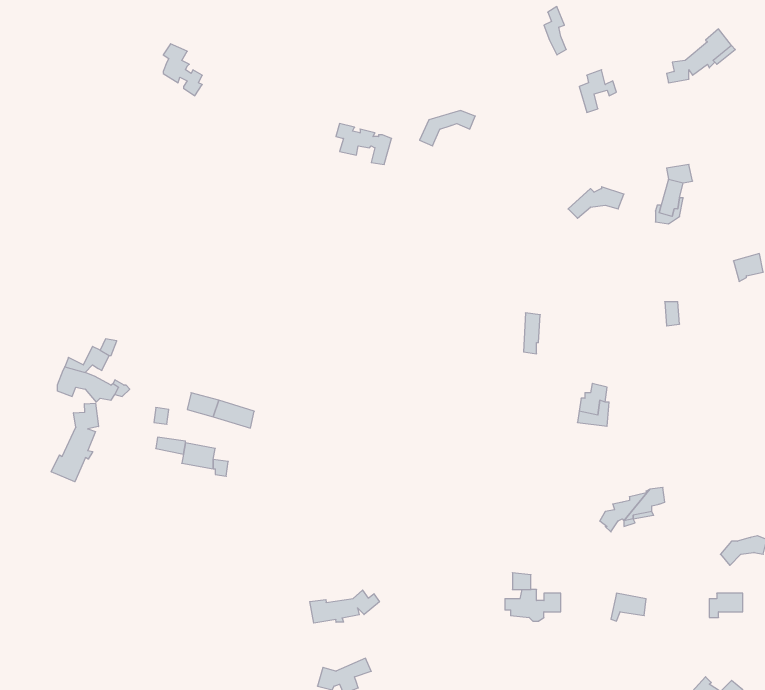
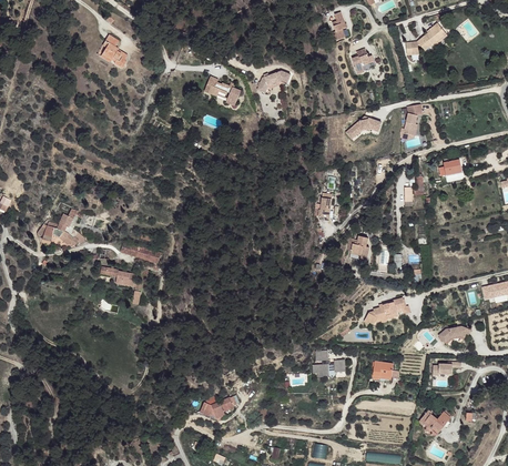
building: [51,403,98,482] -> none
building: [310,590,379,623] -> none

